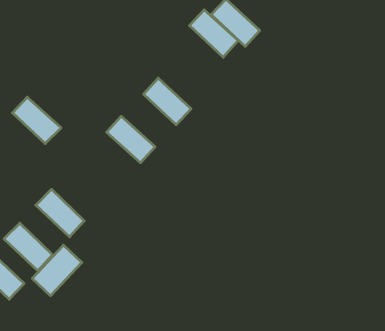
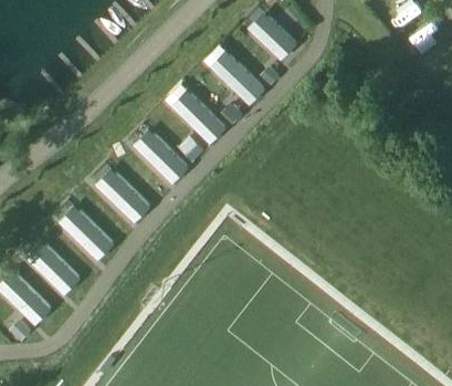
building: [189,10,238,57] -> [214,54,265,104]
building: [12,97,61,144] -> [99,171,150,220]
building: [32,245,82,296] -> none

